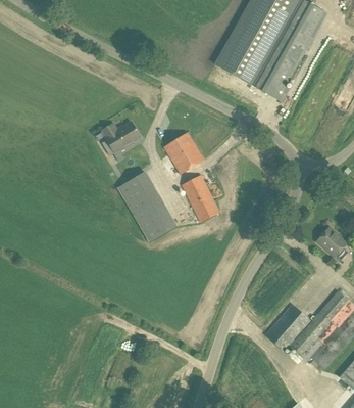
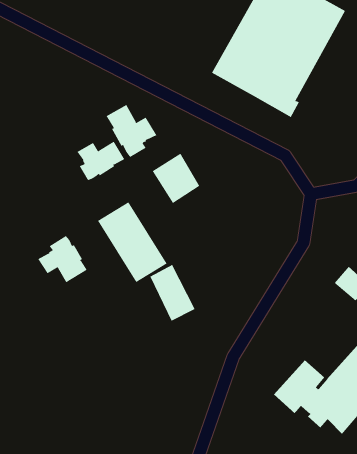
building: none -> [106,104,157,158]
building: [182,175,220,223] -> [149,264,196,321]
building: none -> [38,235,88,283]

